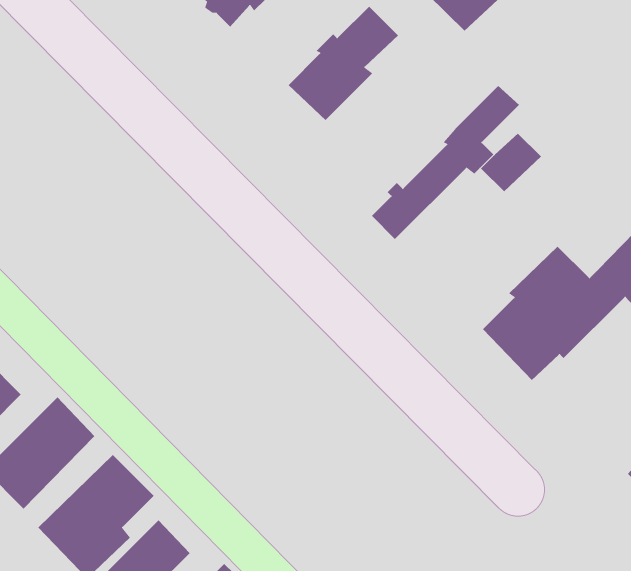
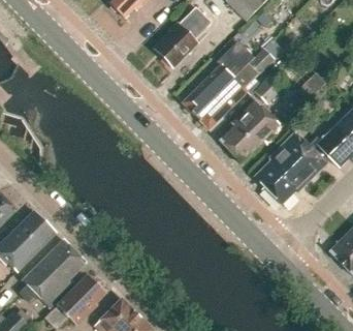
building: none -> [183,58,240,116]
building: none -> [220,98,279,160]

